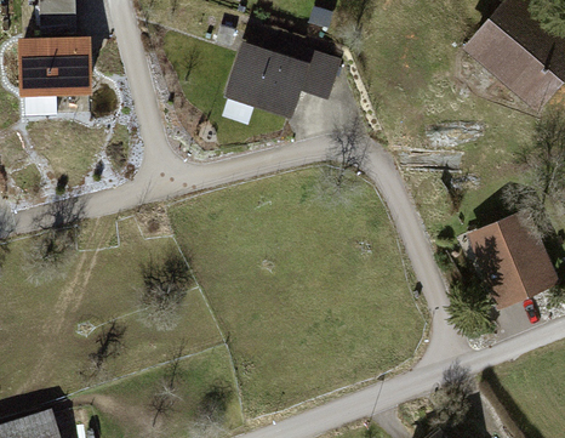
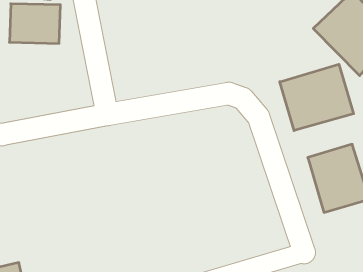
building: [223,40,347,119] -> none
building: none -> [280,64,354,131]

